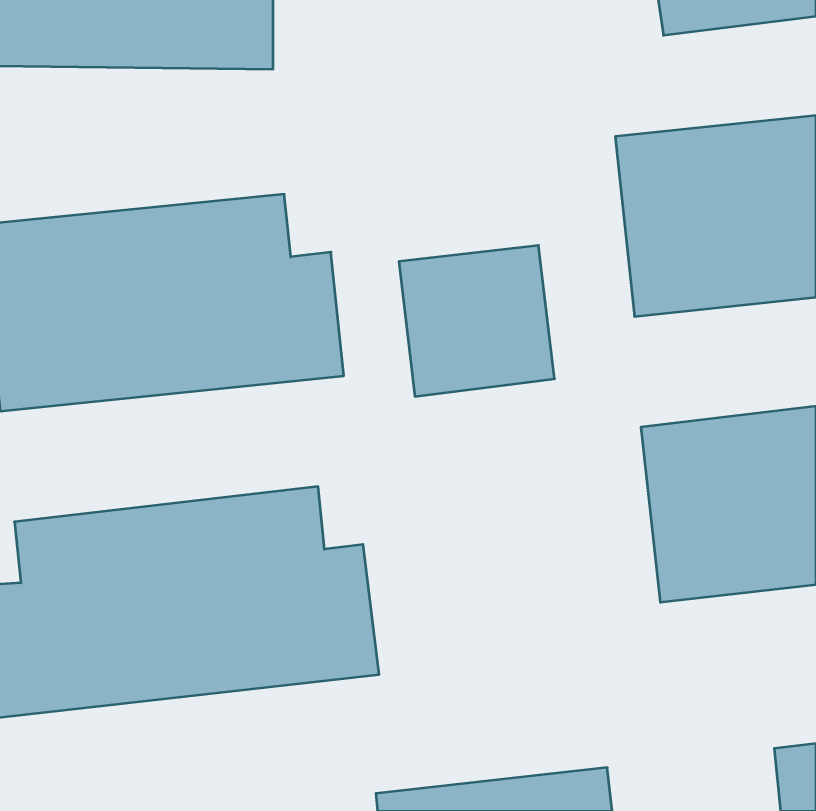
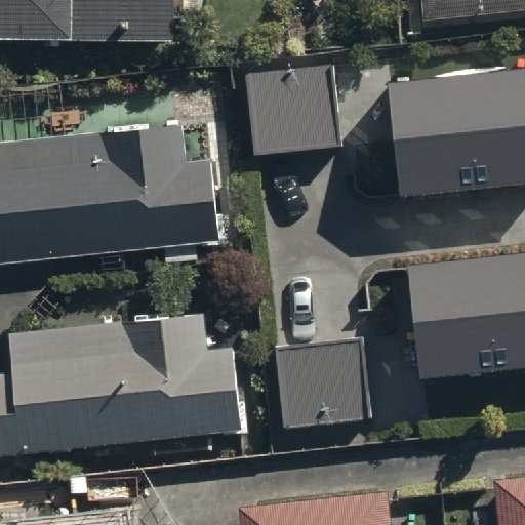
building: [399,245,555,396] -> [244,62,344,158]
building: none -> [276,339,372,430]

